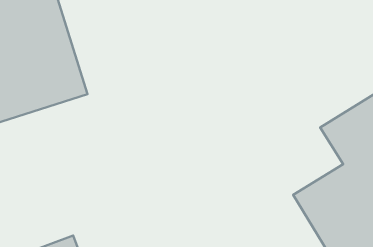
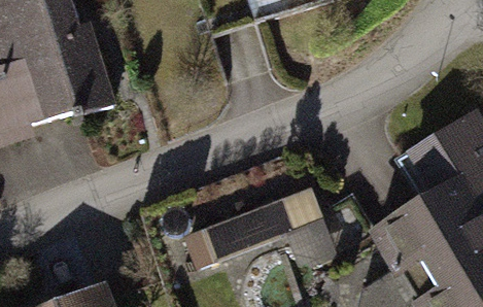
building: none -> [188,180,345,270]

